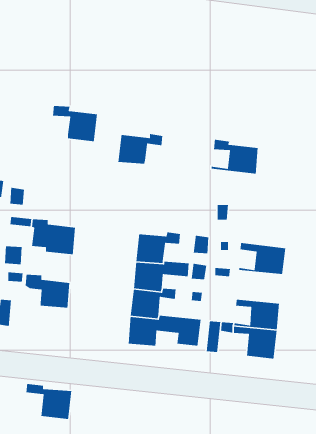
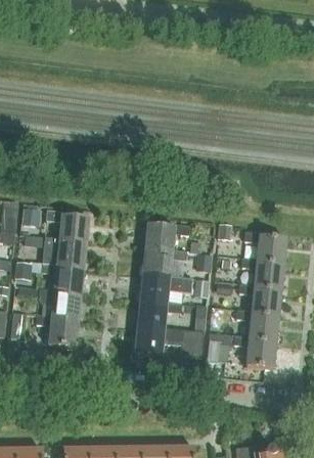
building: [52,105,98,142] -> [46,210,89,244]
building: [118,133,163,165] -> [145,223,188,253]
building: [211,139,259,175] -> [241,230,286,264]
building: none -> [41,263,84,296]
building: none -> [237,285,281,316]
building: [25,383,72,420] -> [35,314,79,349]

